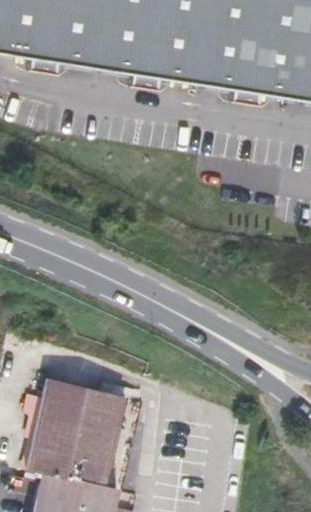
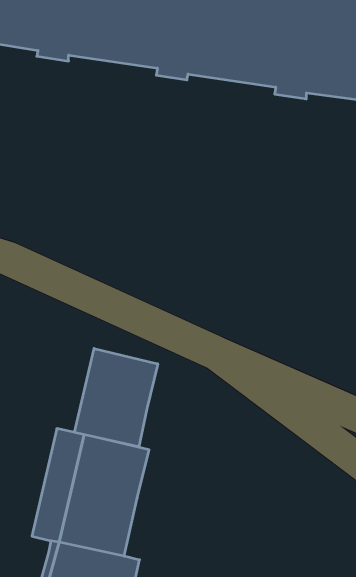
building: none -> [75,348,158,447]

